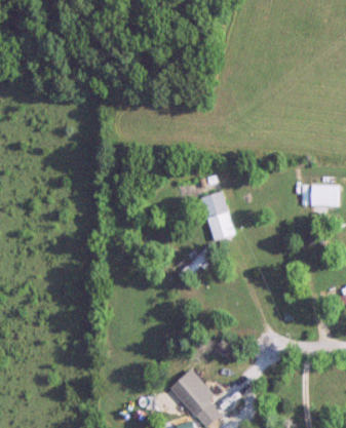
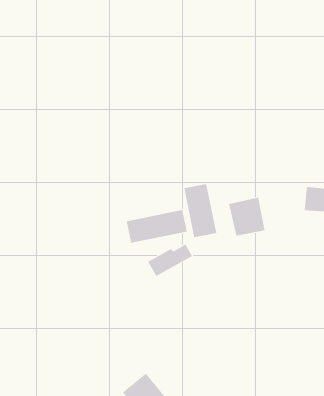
building: none -> [229,197,265,237]
building: none -> [126,209,187,244]

